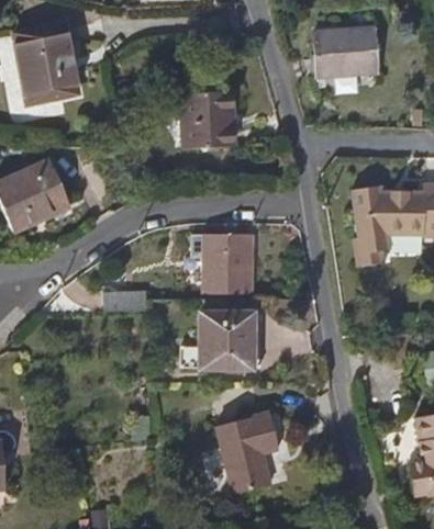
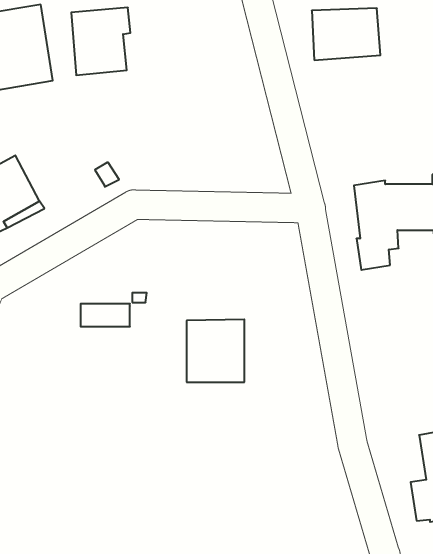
building: [180,85,234,146] -> [71,8,130,75]
building: [204,233,254,293] -> none
building: [216,410,279,493] -> none

